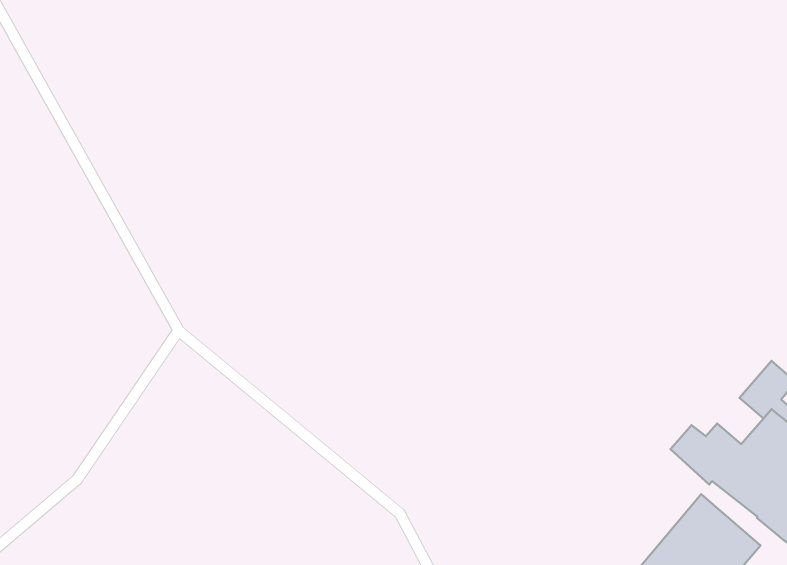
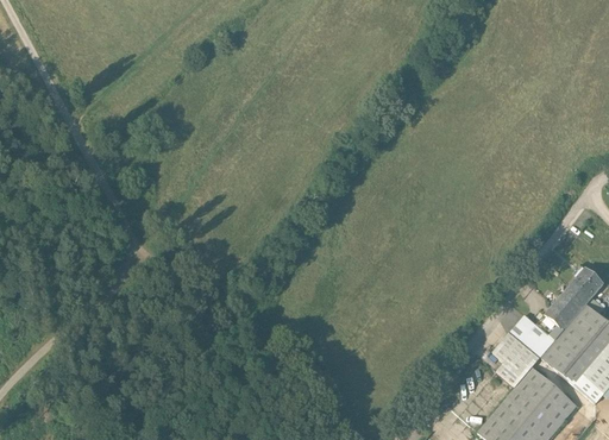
building: none -> [545,296,579,331]
building: none -> [494,334,539,388]

